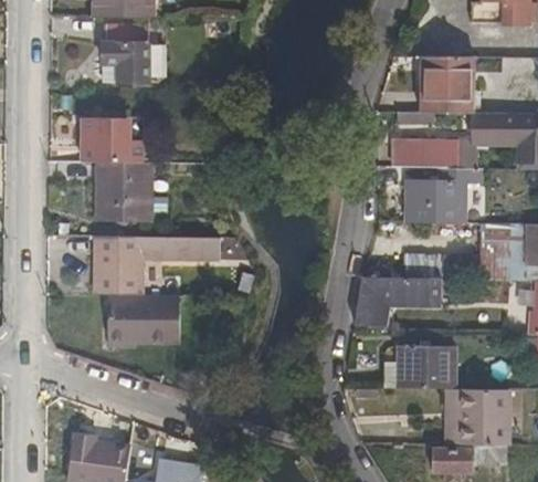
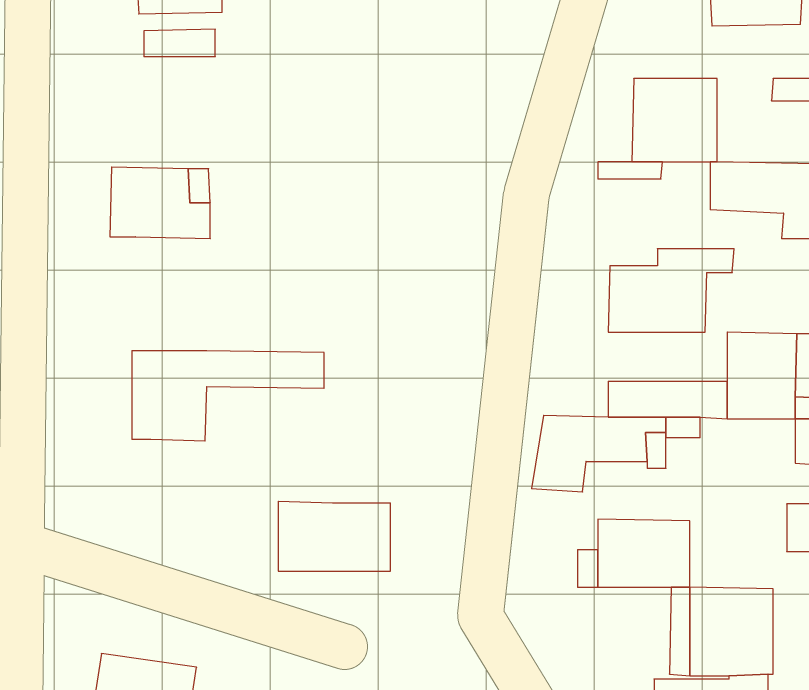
building: [102,44,149,82] -> none
building: [397,140,471,169] -> none
building: [97,161,150,216] -> none
building: [107,293,180,338] -> [278,501,390,571]

